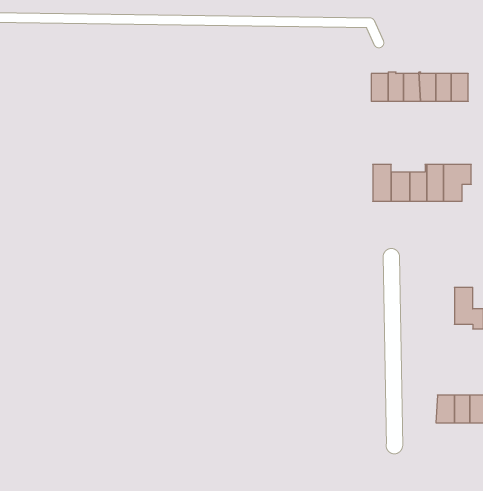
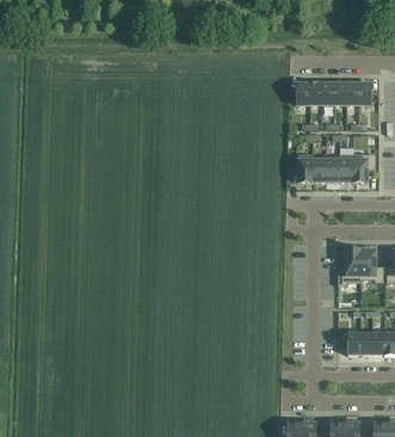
building: none -> [339,247,362,284]

